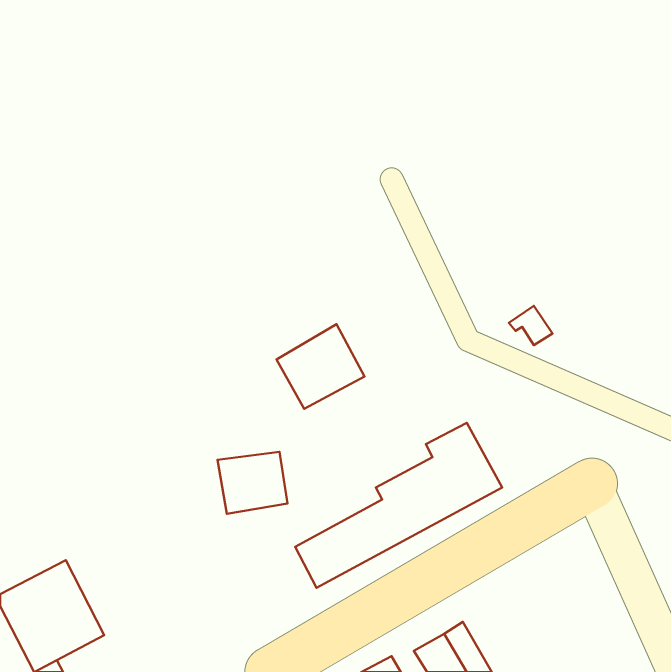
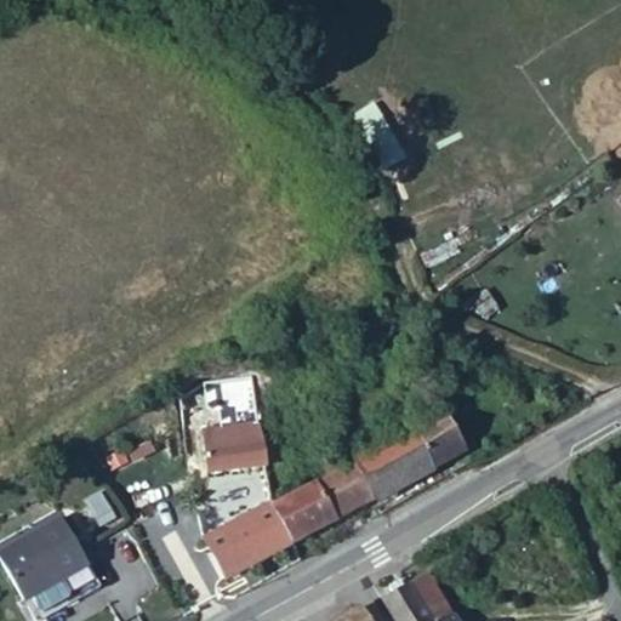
building: [277,324,365,409] -> none
building: none -> [204,500,294,579]

